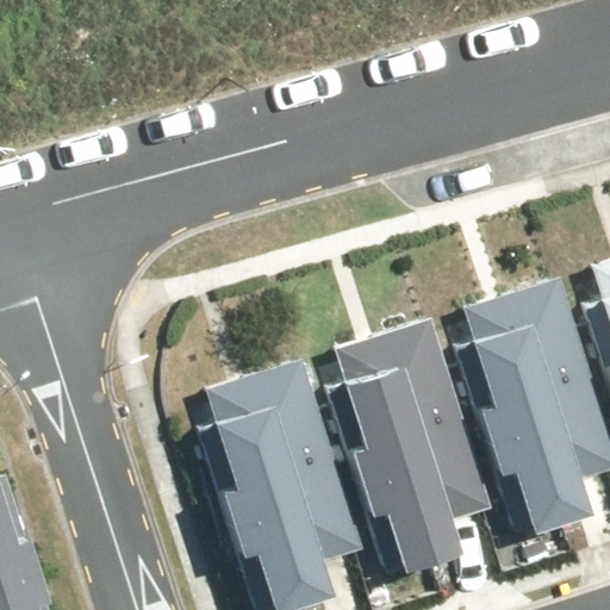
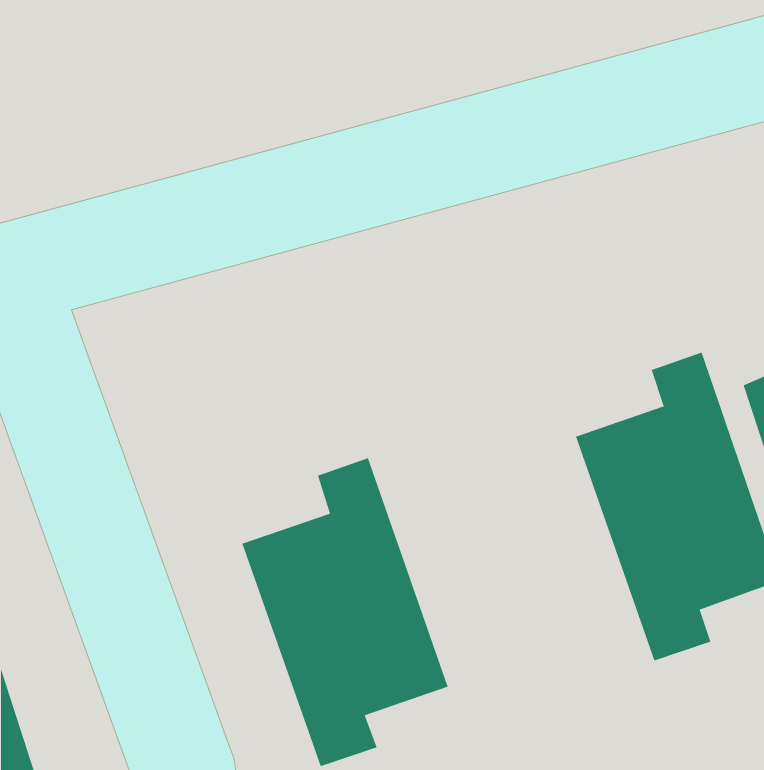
building: [329,322,492,566] -> none

